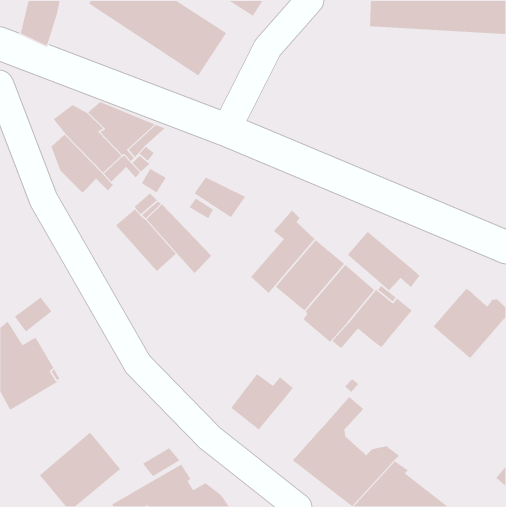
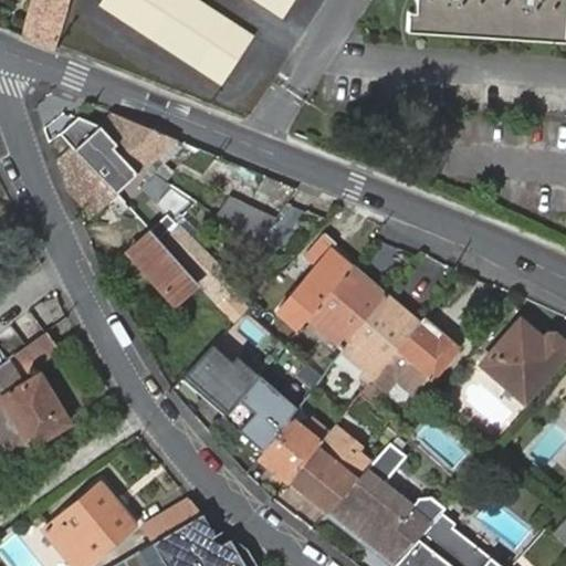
building: [347,231,421,291] -> none
building: none -> [180,345,293,454]
building: none -> [286,424,370,513]

